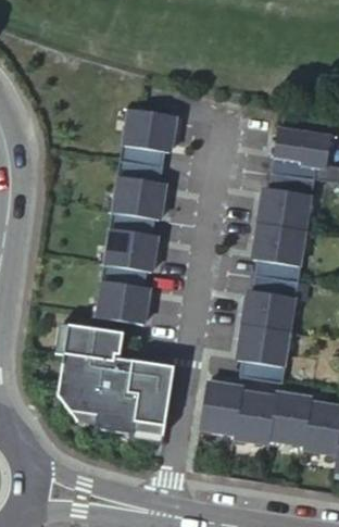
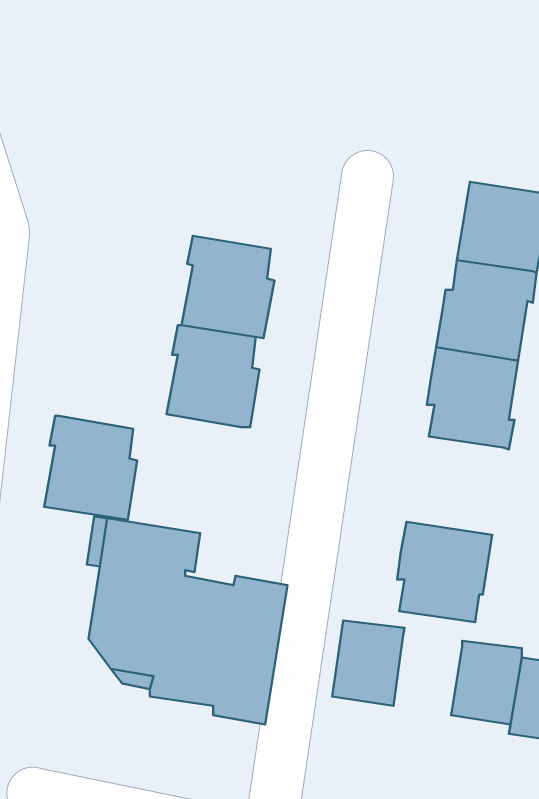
building: [117,105,176,165] -> none
building: [93,262,148,323] -> [44,416,137,520]
building: [242,275,302,332] -> none
building: [234,392,275,442] -> none

